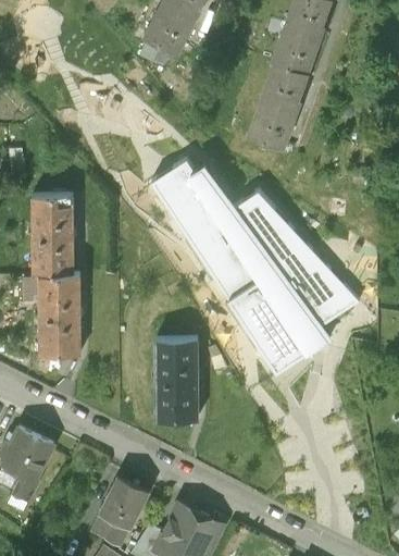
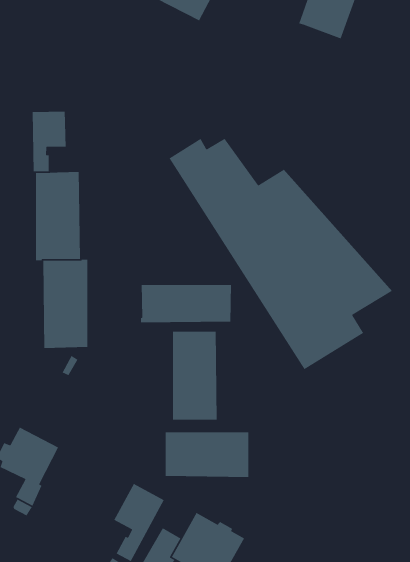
building: [247,61,314,152] -> none
building: none -> [32,111,66,172]
building: none -> [140,284,232,323]
building: none -> [165,432,249,478]

